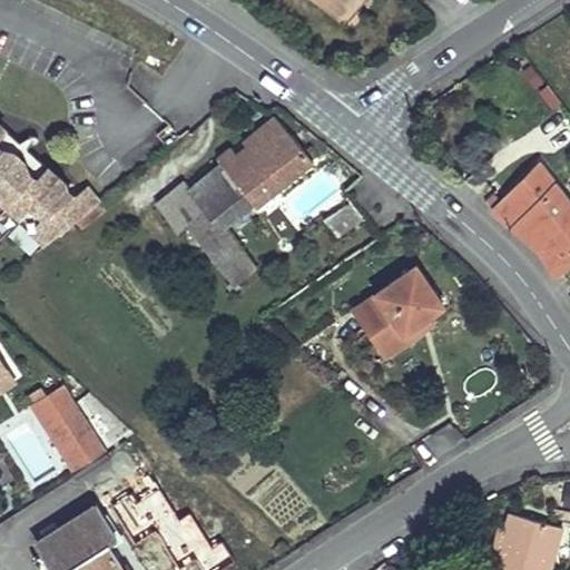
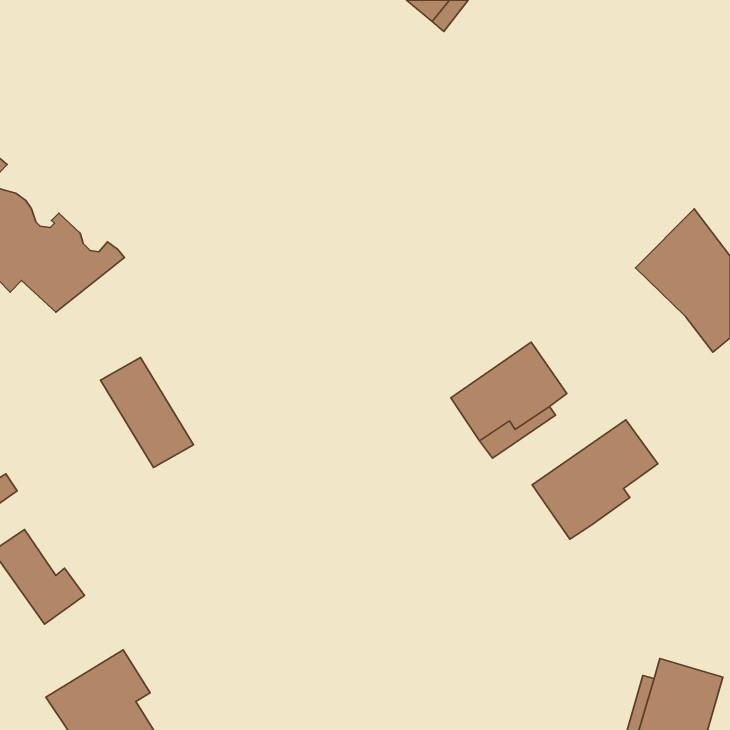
building: [173,120,311,285] -> none
building: none -> [532,420,658,539]
building: [32,387,105,473] -> [101,357,194,468]

